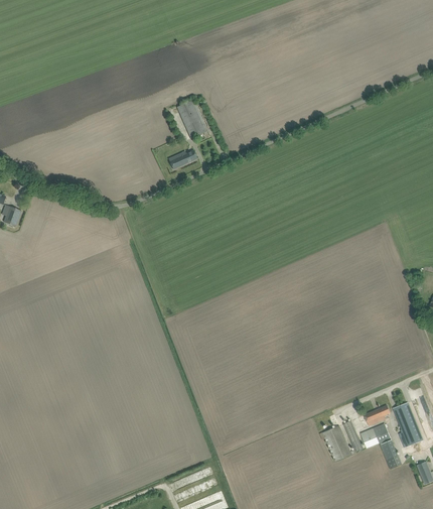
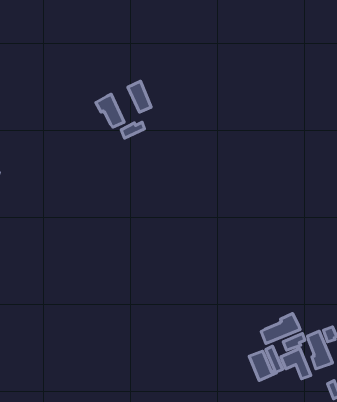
building: none -> [96,94,124,127]
building: none -> [261,313,300,343]

